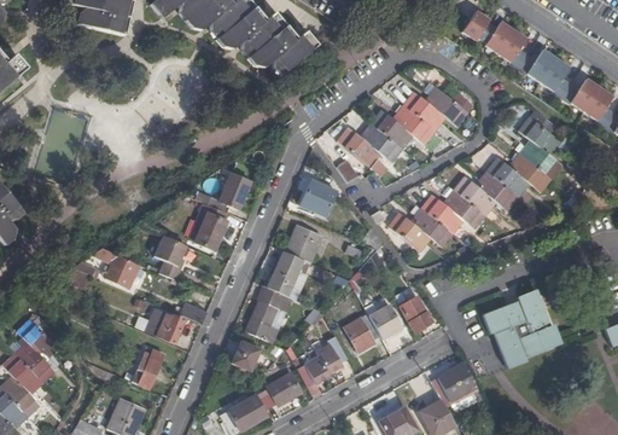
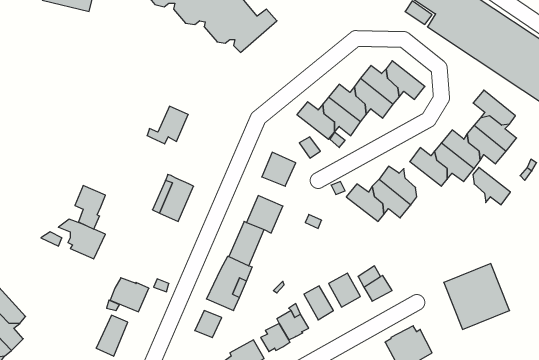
building: [208,173,250,211] -> [147,106,188,144]
building: [447,188,485,227] -> [473,167,510,205]
building: [154,234,186,279] -> [75,186,105,229]

